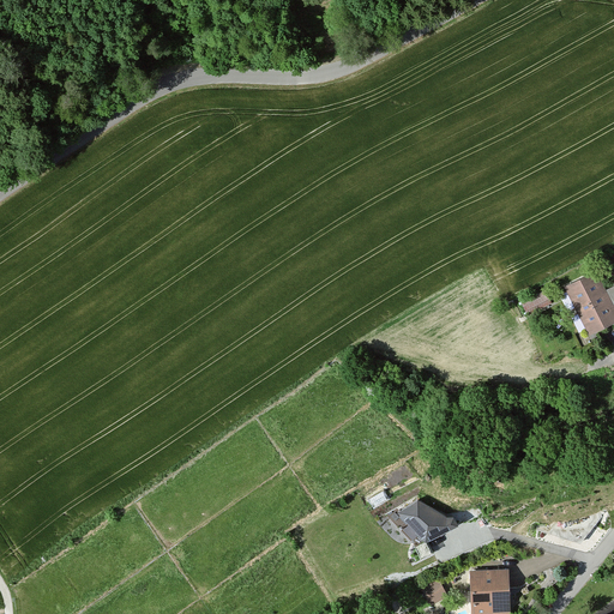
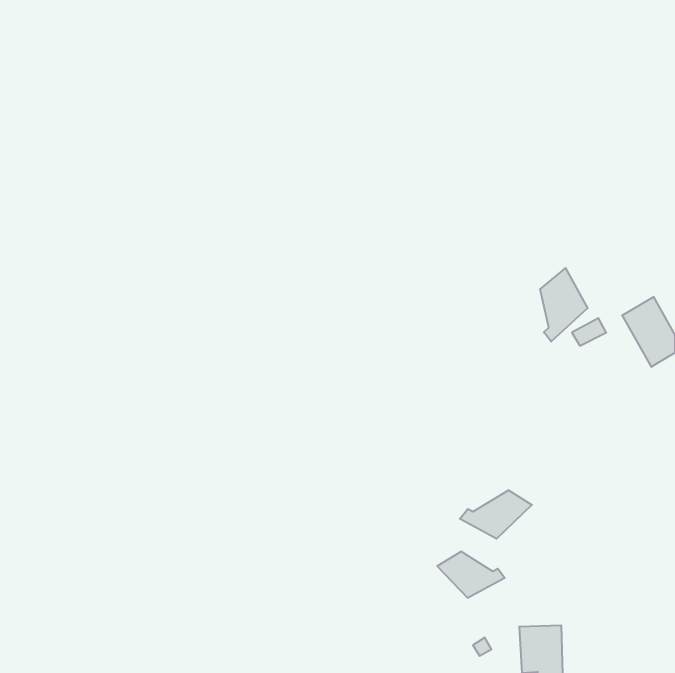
building: none -> [540,268,588,342]
building: none -> [460,490,532,539]

